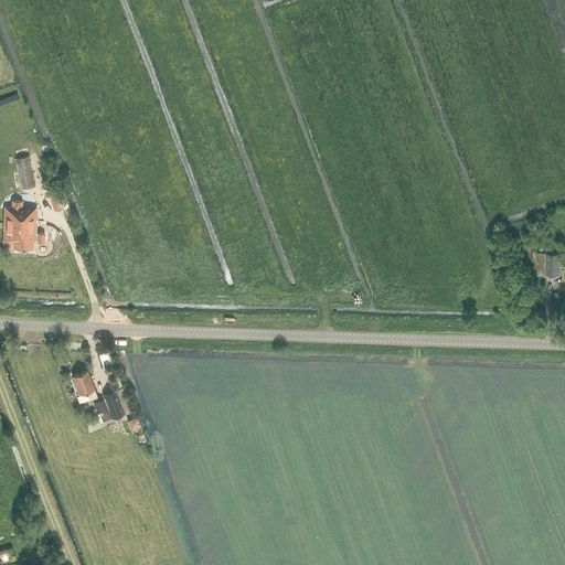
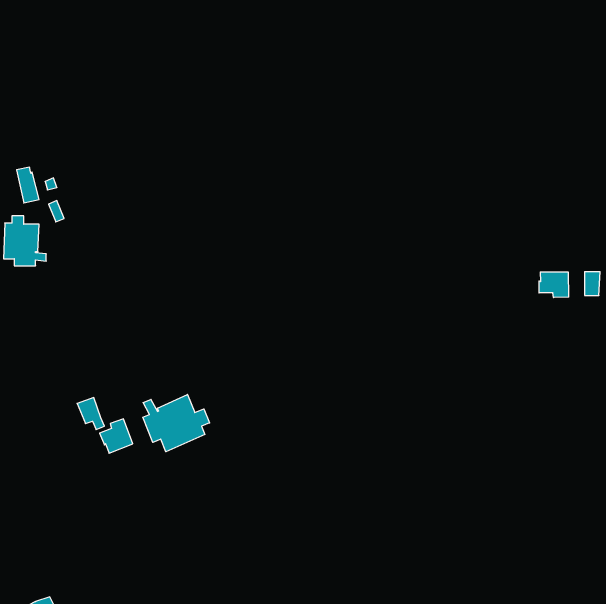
building: none -> [539,272,569,298]
building: none -> [143,394,210,452]

